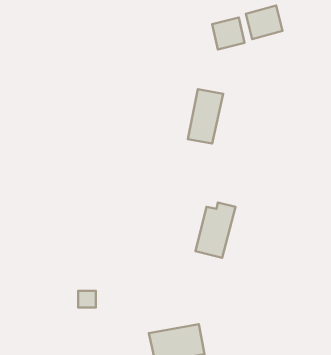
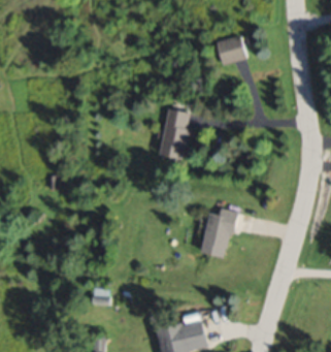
building: [246,5,283,39] -> none
building: [188,89,223,144] -> [159,107,192,158]

